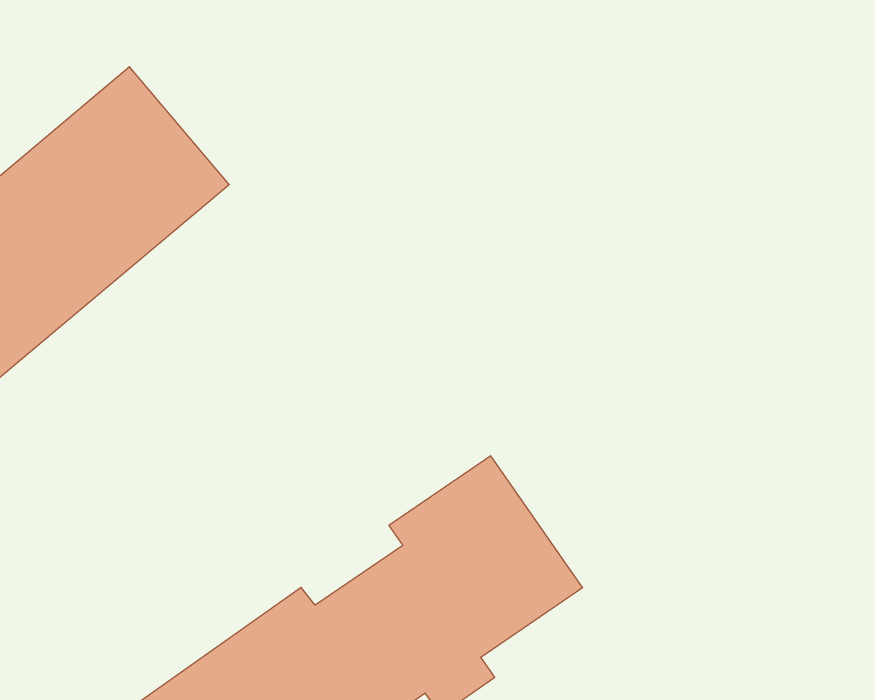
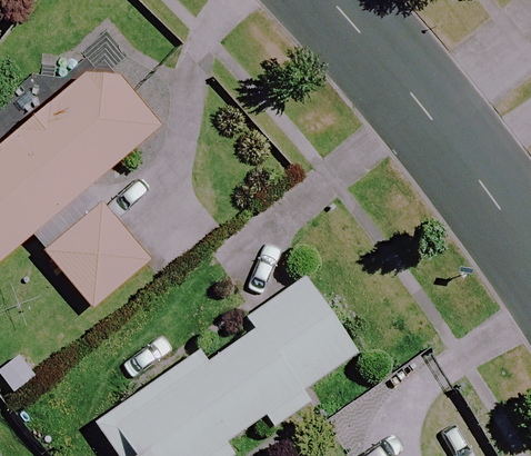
building: none -> [46,205,148,307]

